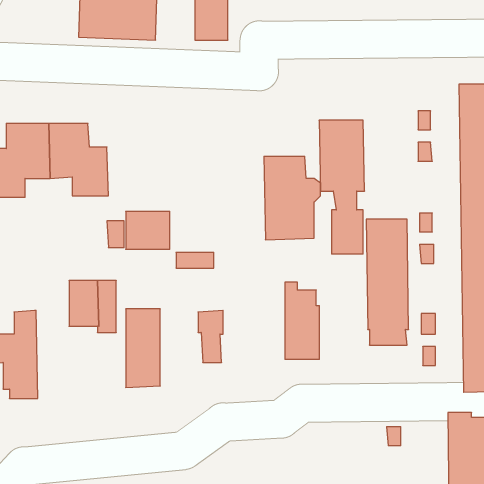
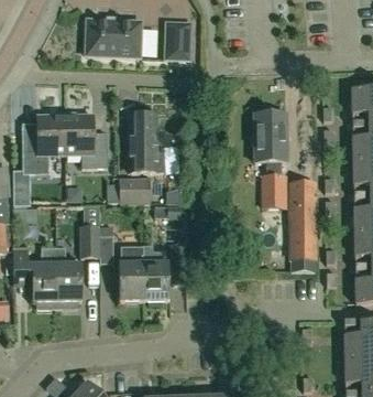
building: [264,156,320,240] -> [128,114,167,172]
building: [285,282,319,359] -> [143,245,167,299]
building: none -> [55,235,81,308]

